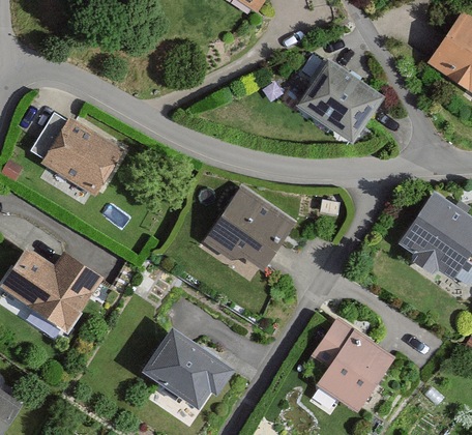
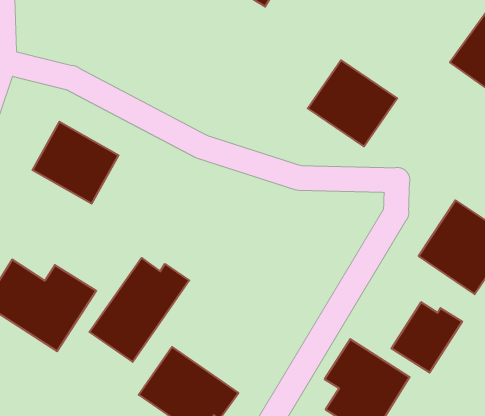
building: [205,185,296,277] -> none
building: none -> [89,258,189,362]
building: none -> [391,302,462,373]

